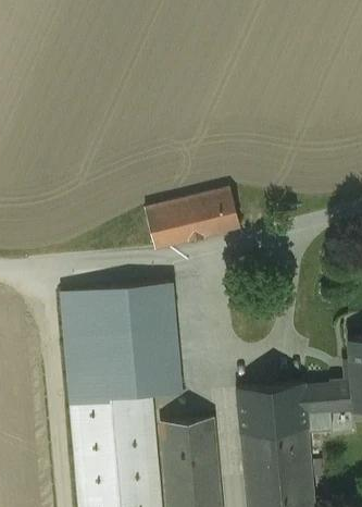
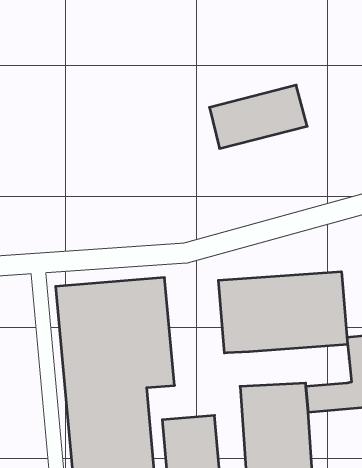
building: [142,190,238,252] -> [209,85,307,148]
building: none -> [218,272,348,353]

